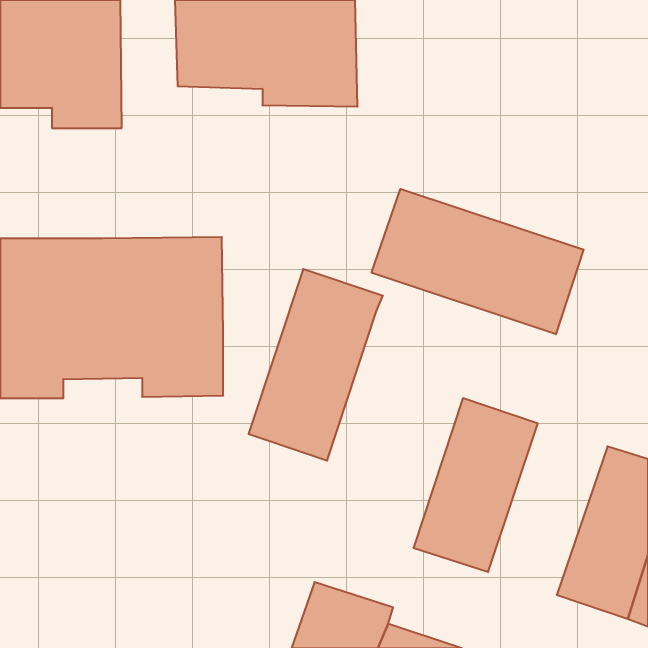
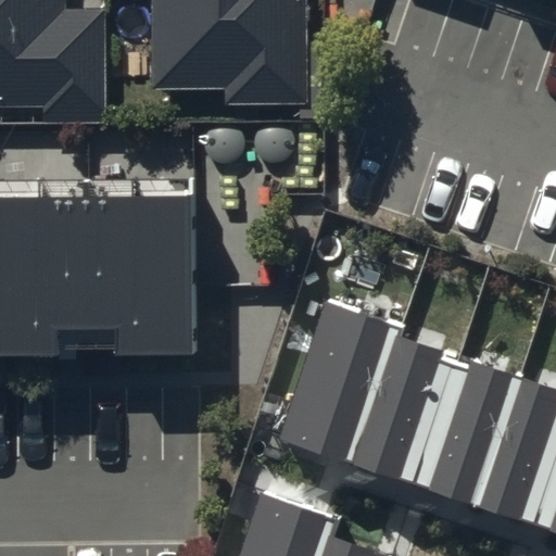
building: [372,189,583,334] -> none
building: [249,269,383,461] -> [287,305,402,469]
building: none -> [418,363,520,509]

